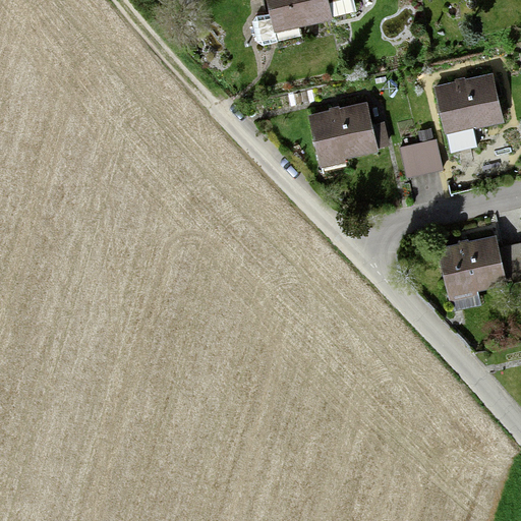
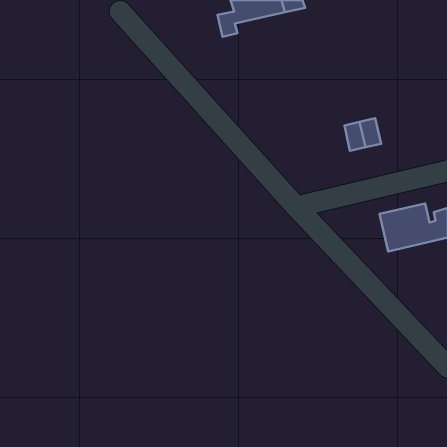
building: [440,84,499,130] -> none
building: [316,114,371,155] -> none

